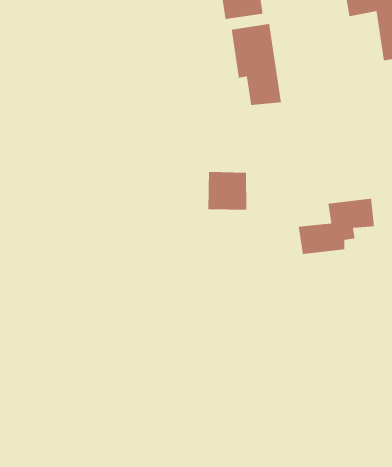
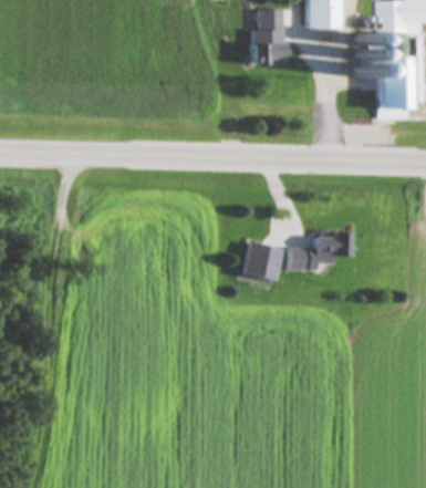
building: [231,23,282,106] -> none
building: [207,171,247,210] -> [242,242,280,280]

